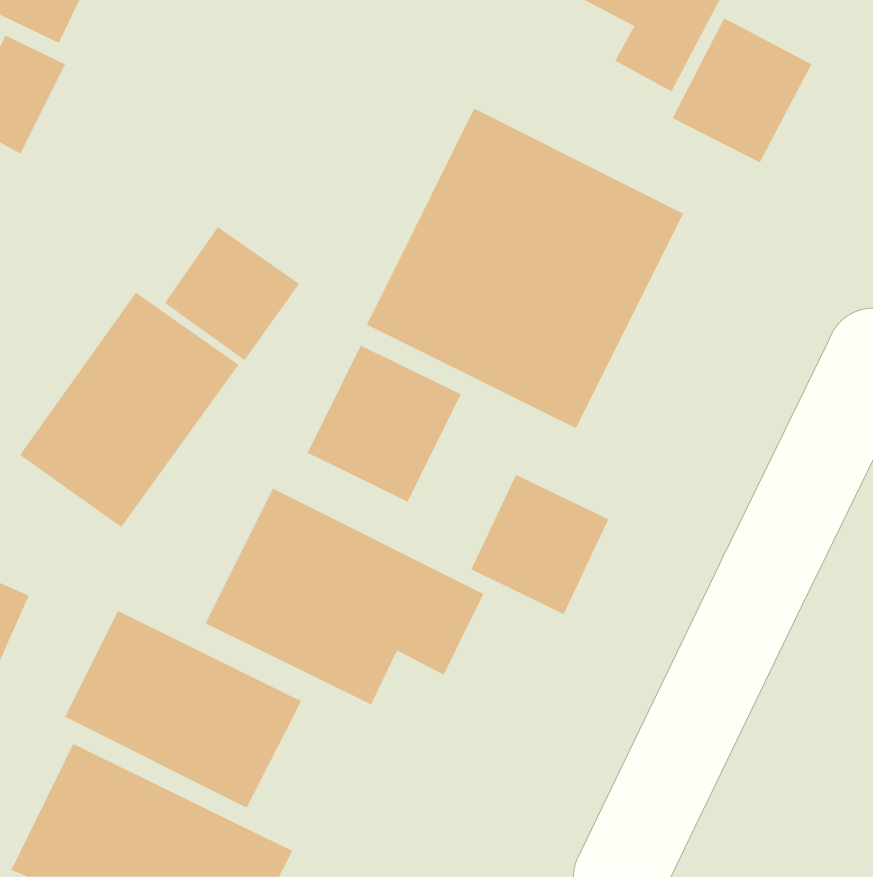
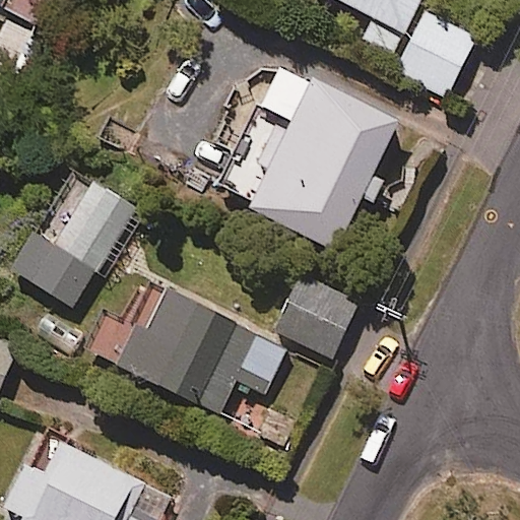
building: [164,226,300,361] -> none
building: [307,345,462,502] -> none
building: [64,610,302,808] -> none

